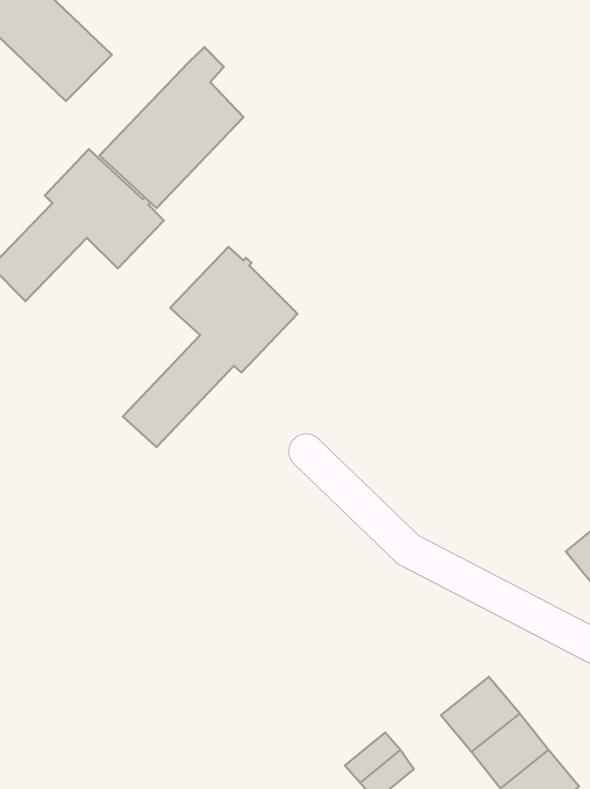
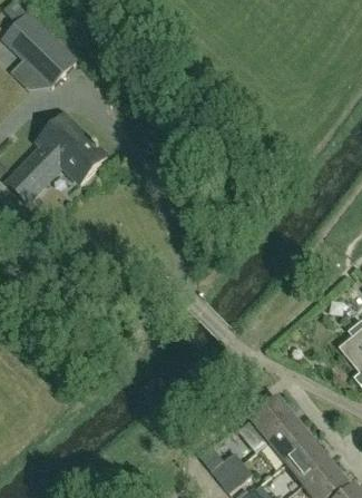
building: [99,47,244,208] -> none
building: [123,247,297,447] -> none
building: none -> [251,398,295,441]

